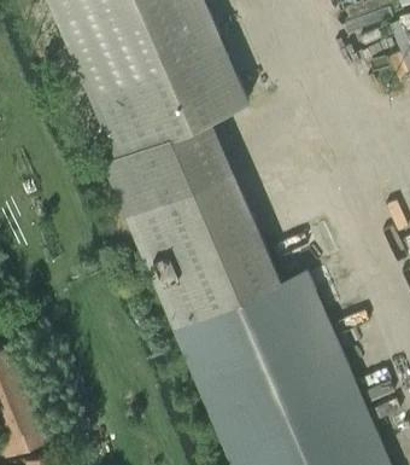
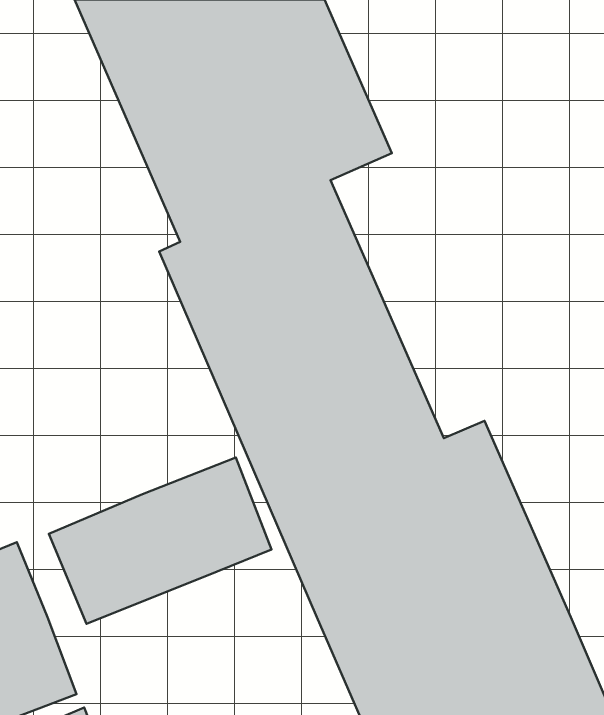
building: none -> [49,458,272,624]

